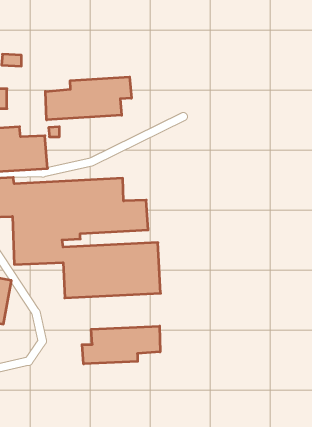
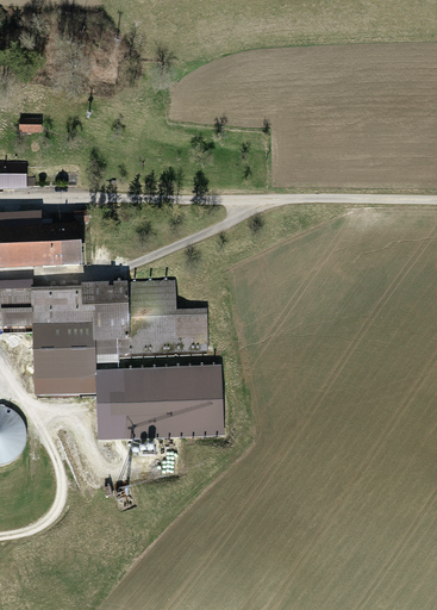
building: [45,77,131,120] -> none
building: [82,326,160,364] -> none

